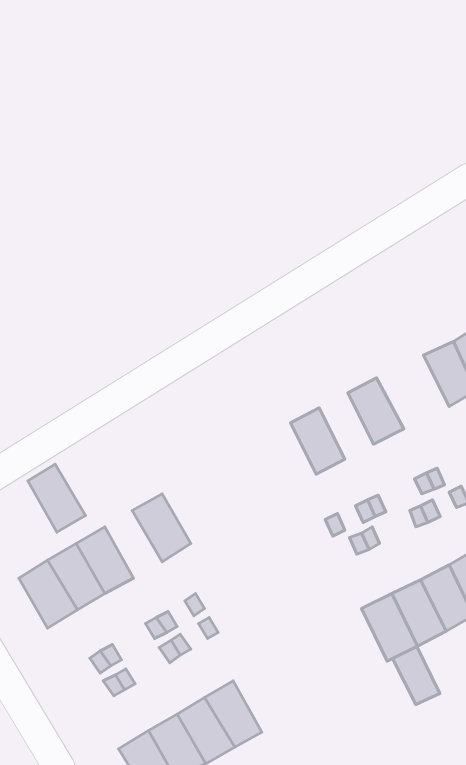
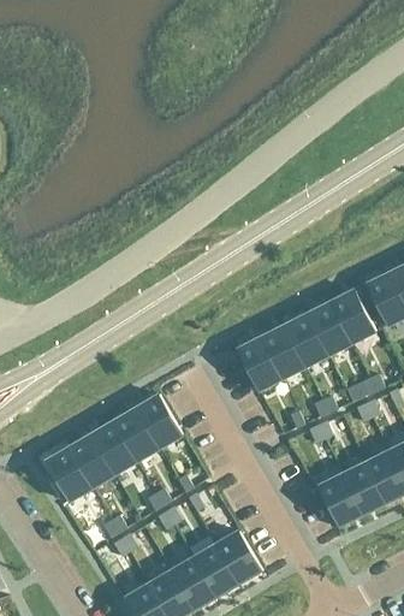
building: none -> [331,290,376,343]
building: none -> [285,314,328,367]
building: none -> [238,338,283,391]
building: [28,464,85,532] -> [114,408,160,462]
building: [392,647,440,705] -> none
building: none -> [216,531,263,585]

